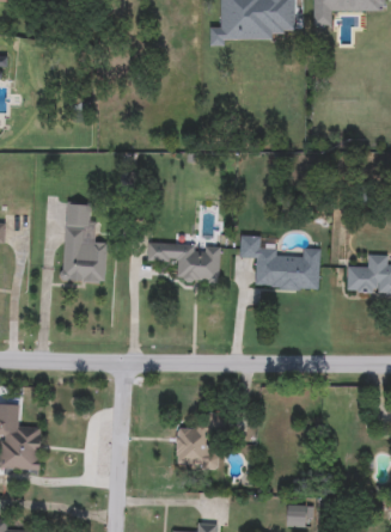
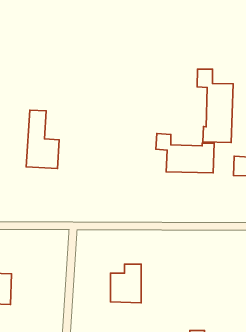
building: none -> [197,69,233,143]
building: [147,241,220,280] -> none

